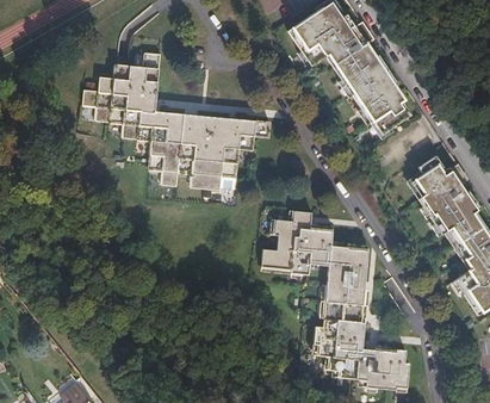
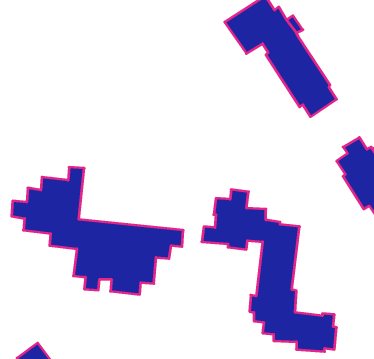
building: [81,51,269,191] -> [12,167,183,294]

